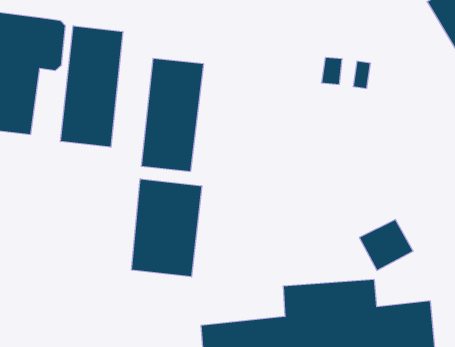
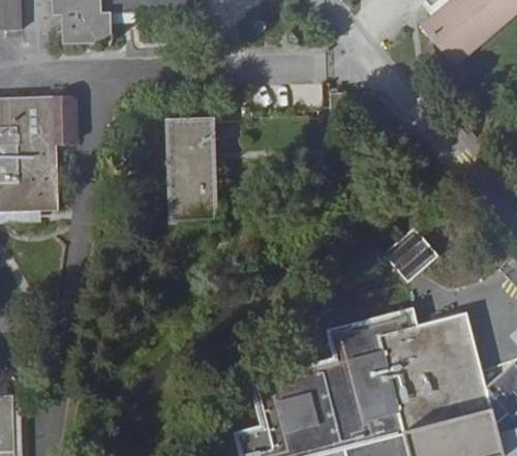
building: [60,26,123,147] -> none
building: [131,179,202,277] -> none

